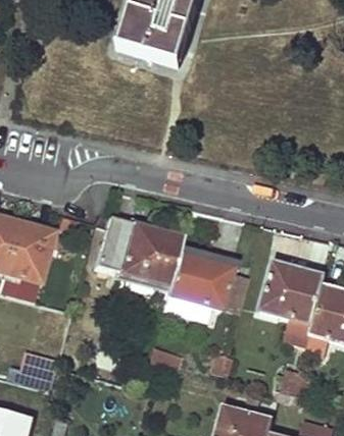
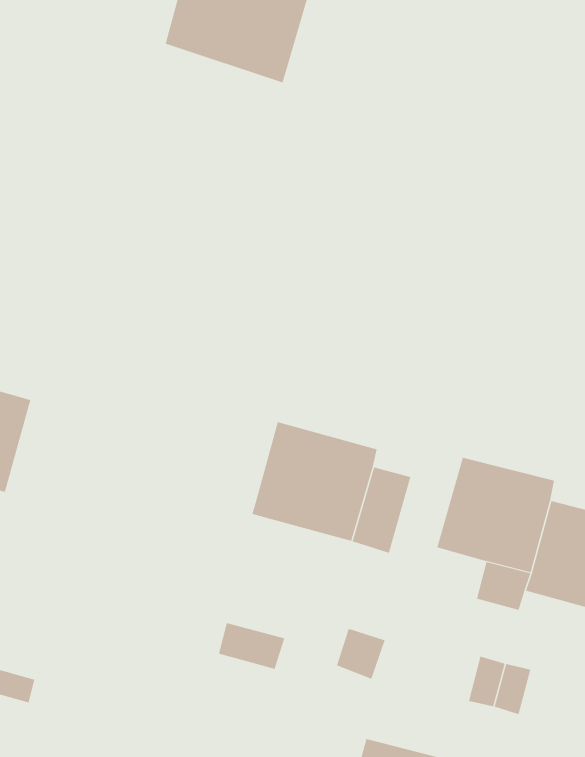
building: [95,214,181,283] -> none

